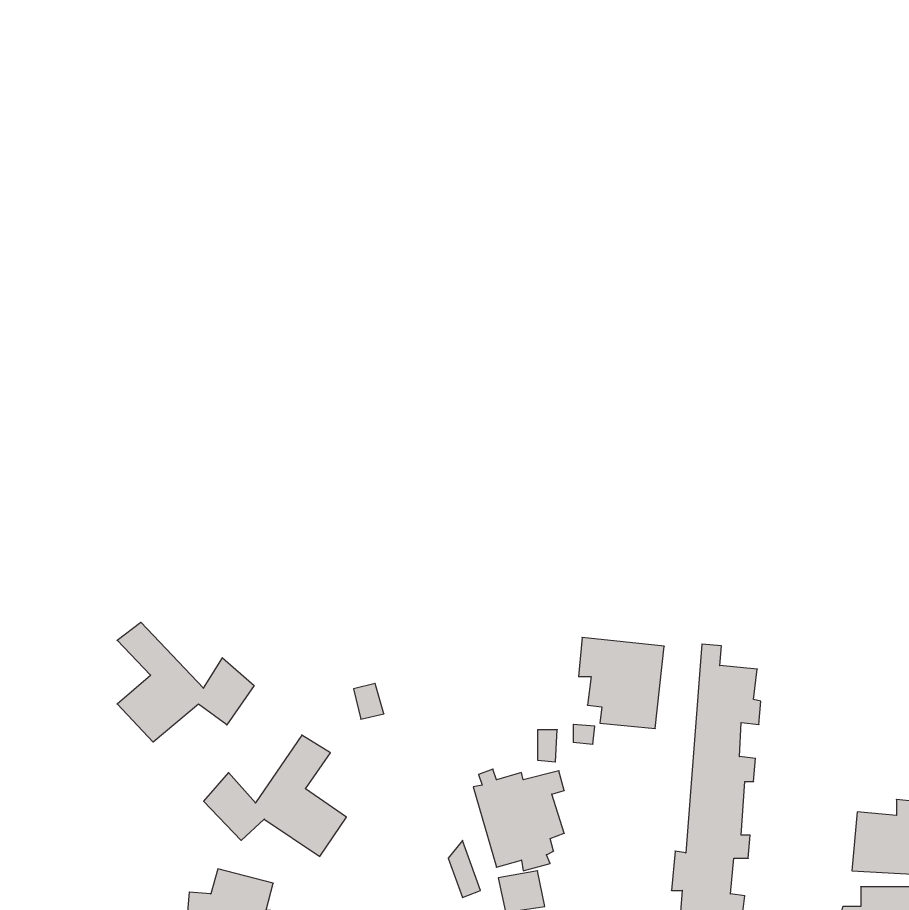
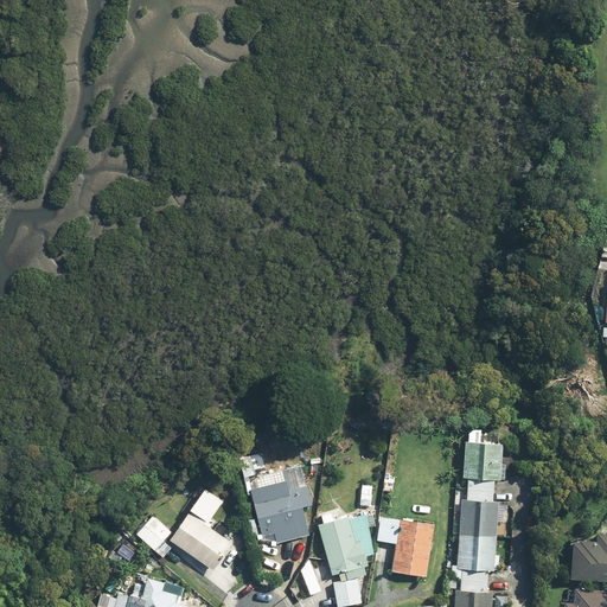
building: [117,622,254,742] -> none
building: [579,637,664,728] -> [377,517,434,577]
building: none -> [247,467,313,544]

